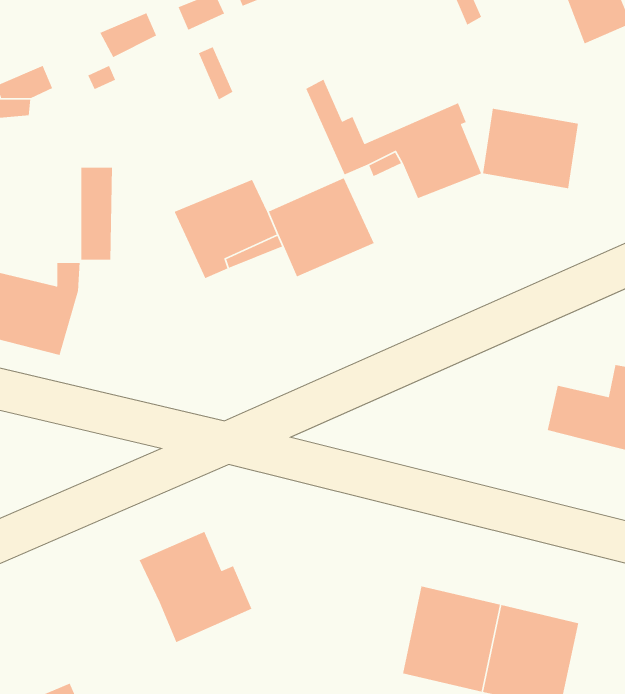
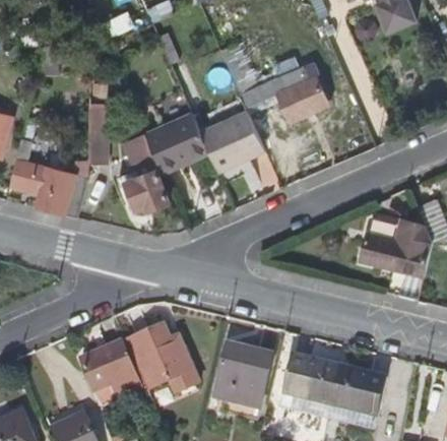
building: [482,108,579,189] -> none
building: none -> [115,131,170,206]
building: none -> [80,338,136,387]
building: none -> [216,342,270,405]

